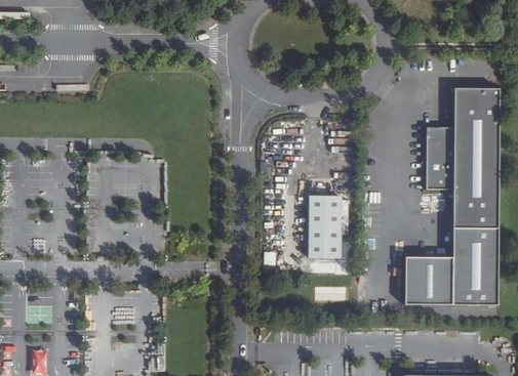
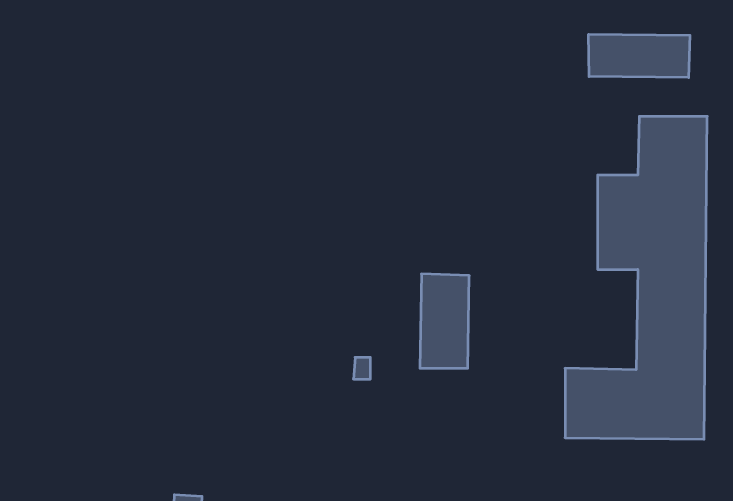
building: none -> [589,34,690,78]

